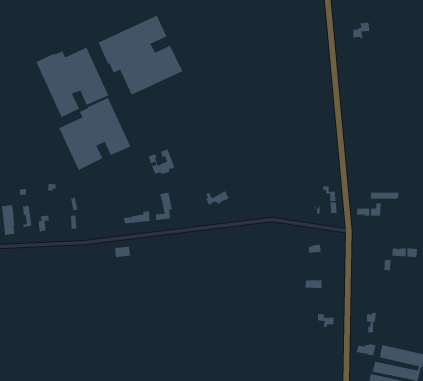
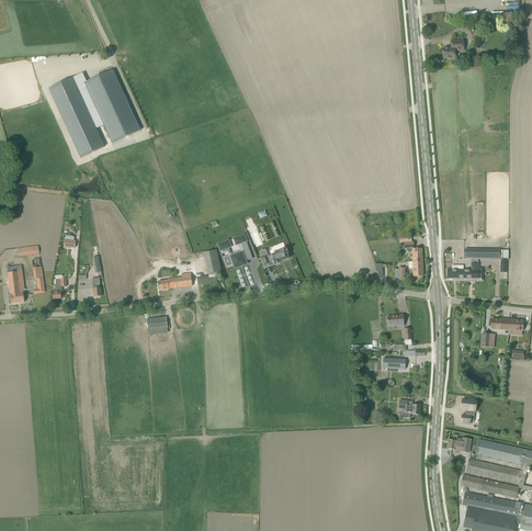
building: [98,15,183,96] -> none
building: [59,97,131,171] -> none
building: [148,149,175,175] -> [218,235,252,267]

